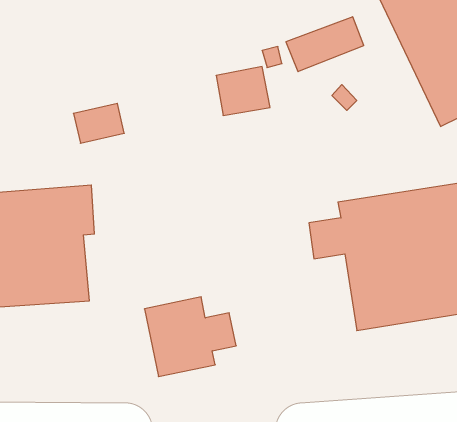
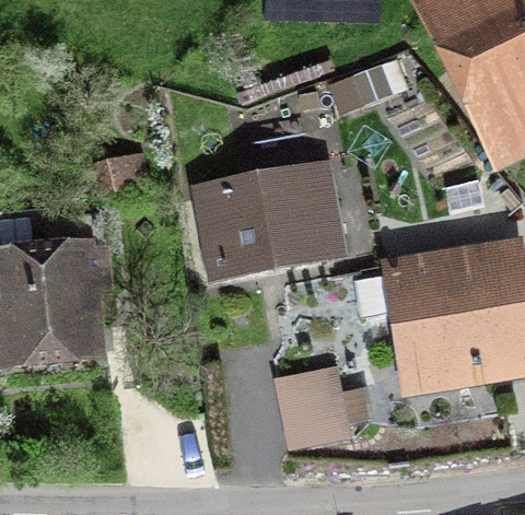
building: none -> [191,156,348,282]
building: [144,297,236,377] -> [273,362,374,449]

